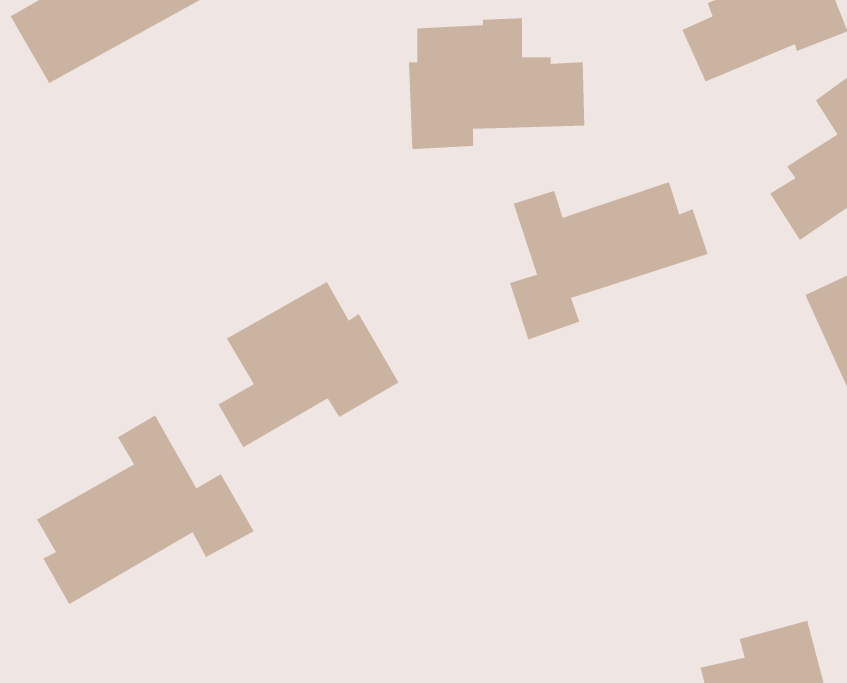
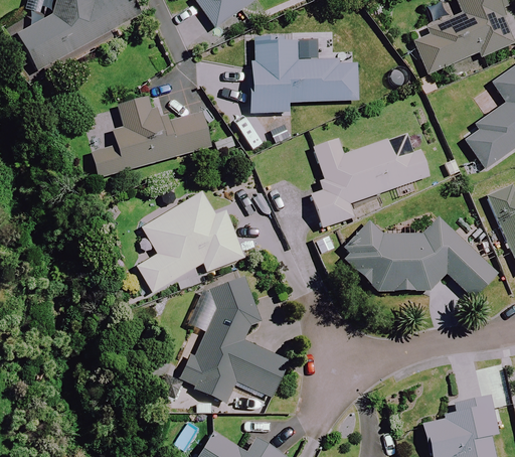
building: none -> [91,97,213,177]
building: none -> [347,216,496,297]
building: [36,415,255,605] -> none
building: none -> [179,279,287,401]

